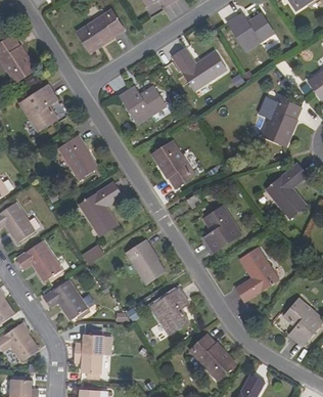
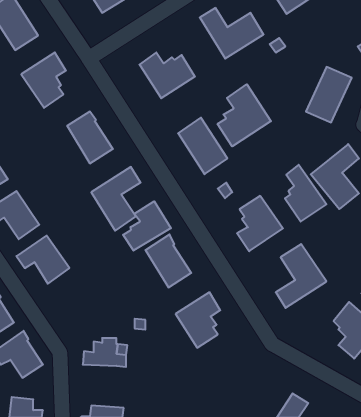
building: none -> [218,84,271,146]
building: none -> [285,165,326,222]
building: none -> [123,201,171,251]
building: [42,278,89,320] -> none
building: [189,335,235,381] -> none
building: [73,350,101,370] -> none

